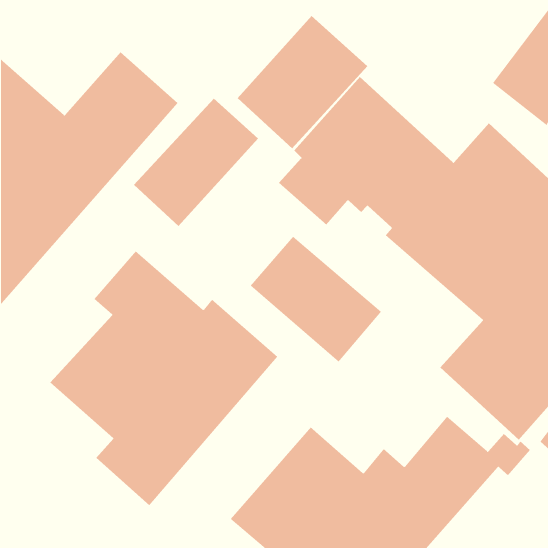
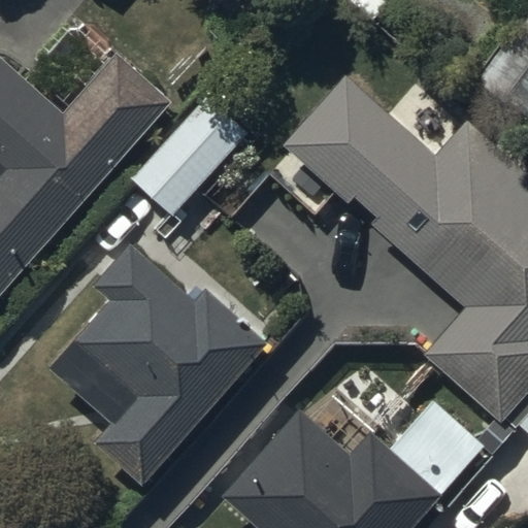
building: [237,15,368,149] -> none
building: [250,236,382,362] -> none

